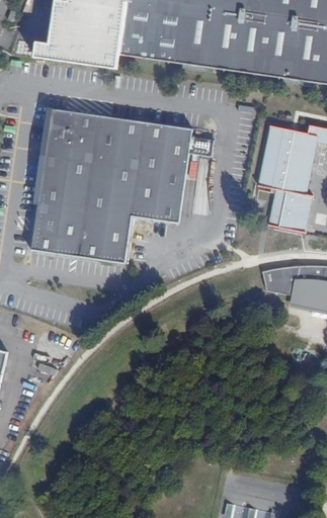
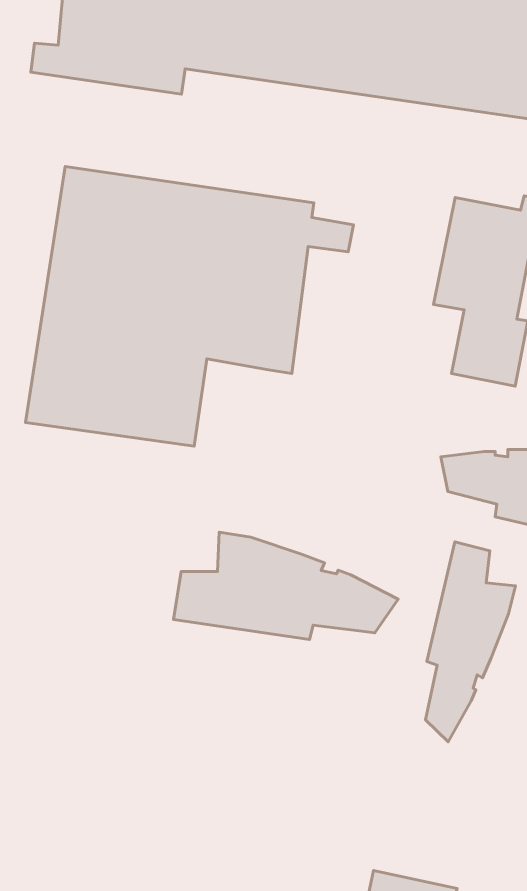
building: none -> [173,532,398,639]
building: none -> [425,542,515,742]

